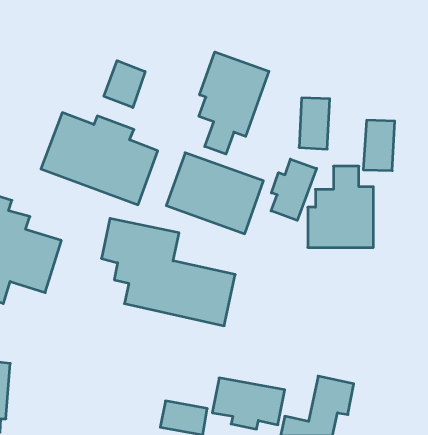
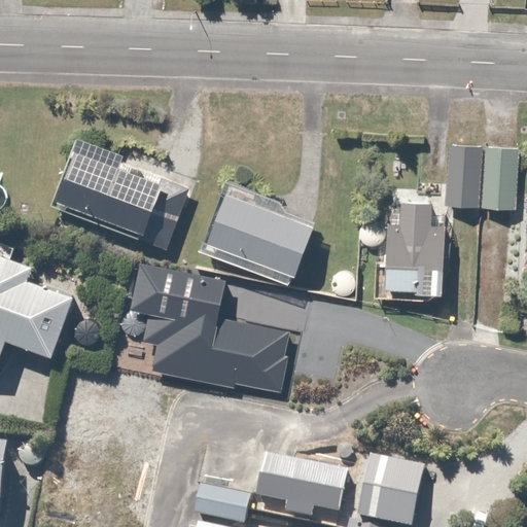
building: [199,52,269,154] -> none
building: [104,61,145,108] -> none
building: [299,98,330,149] -> [473,147,511,209]
building: [271,159,317,220] -> none

